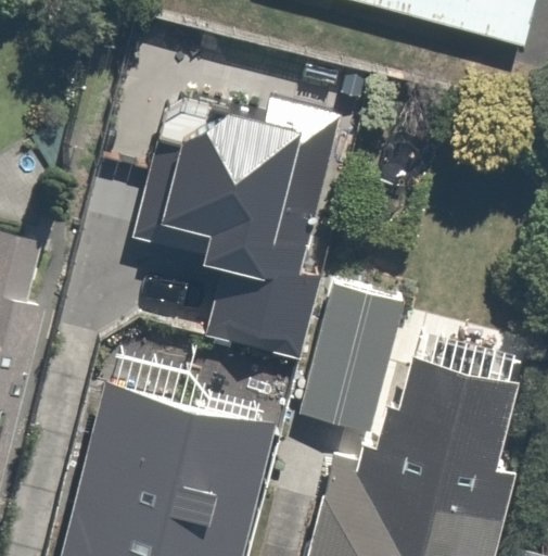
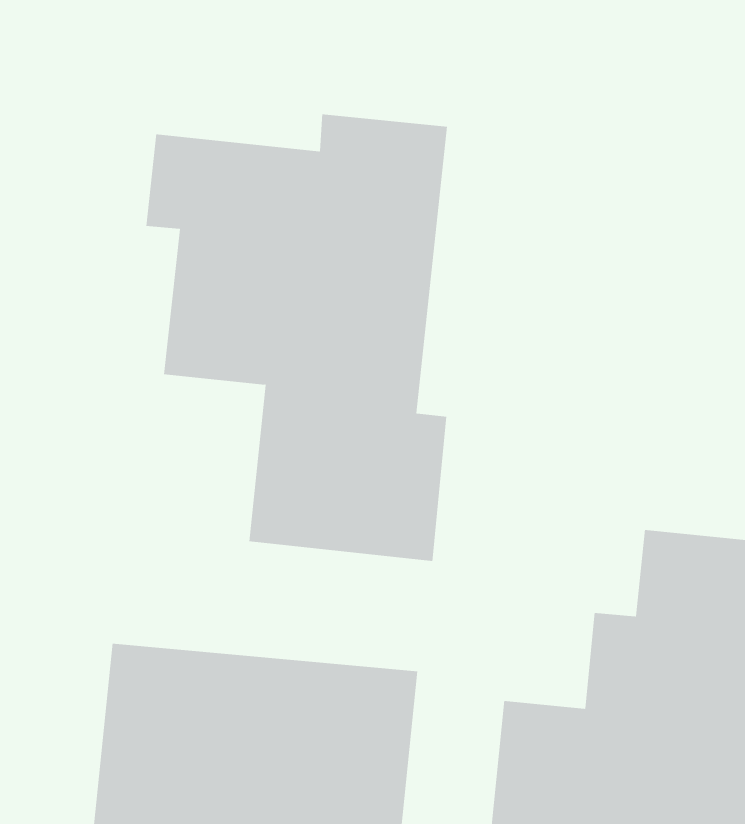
building: [293,287,399,438] -> none

